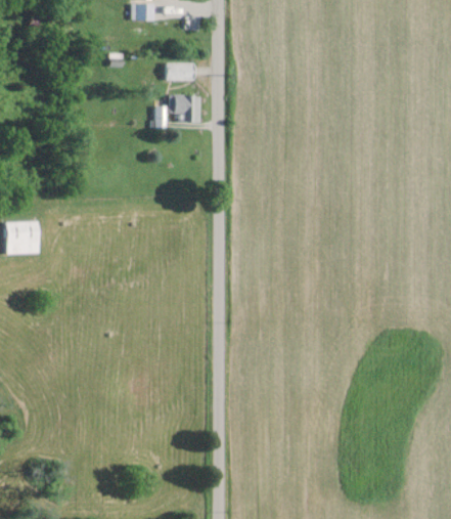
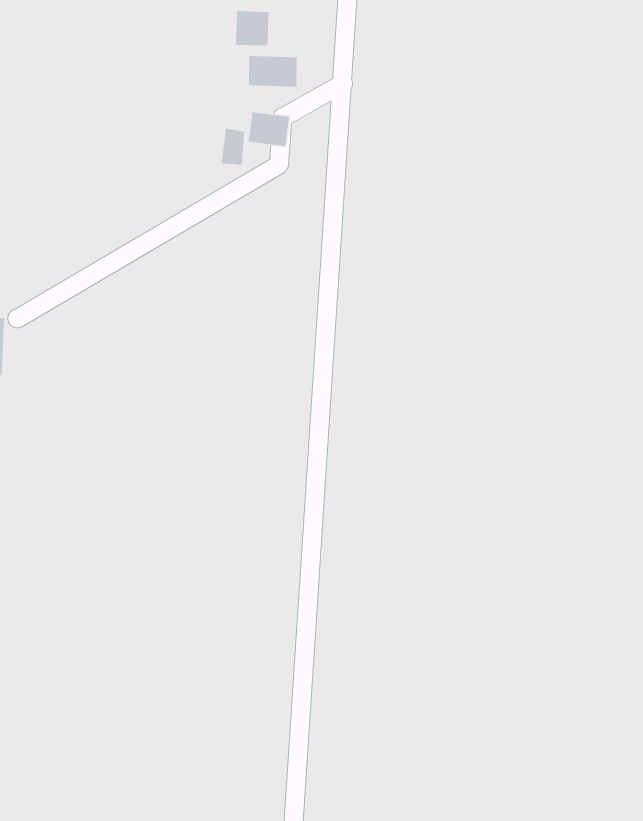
building: none -> [235,11,269,46]

